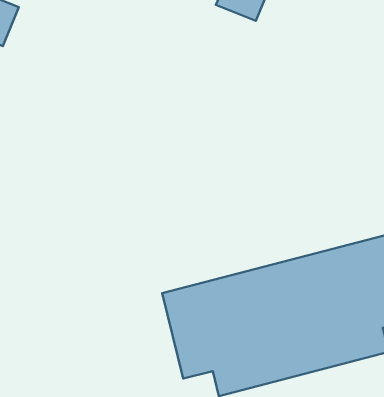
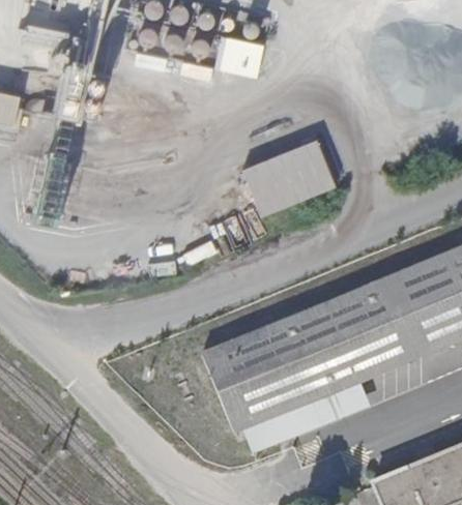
building: none -> [242,135,337,212]

